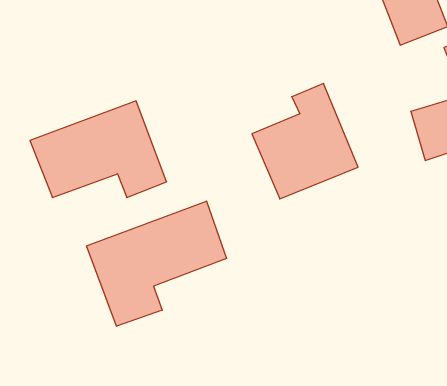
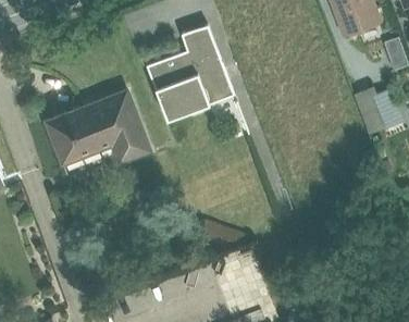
building: [252,83,358,199] -> [145,24,232,119]
building: [87,201,227,326] -> none

